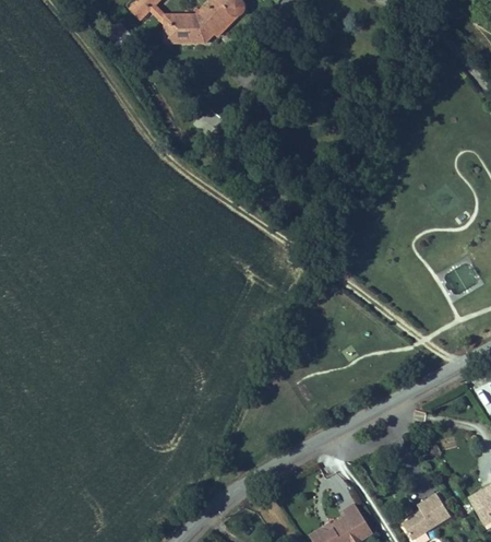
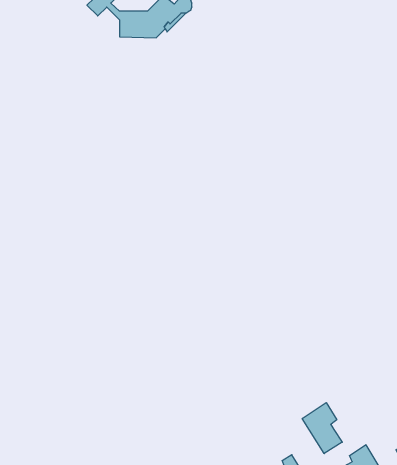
building: none -> [302,403,342,454]

